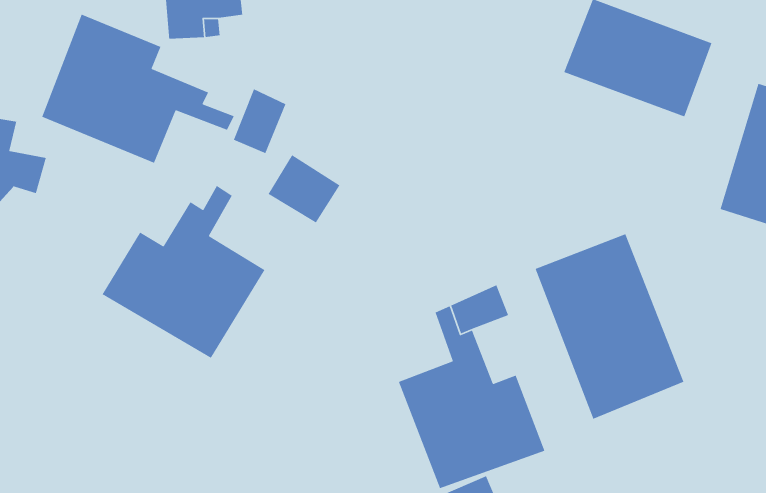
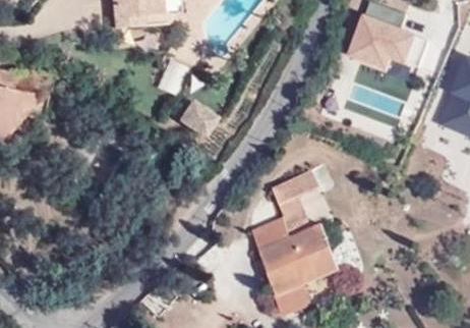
building: [41,13,235,164] -> none
building: [101,185,265,359] -> none
building: [534,233,684,420] -> none

